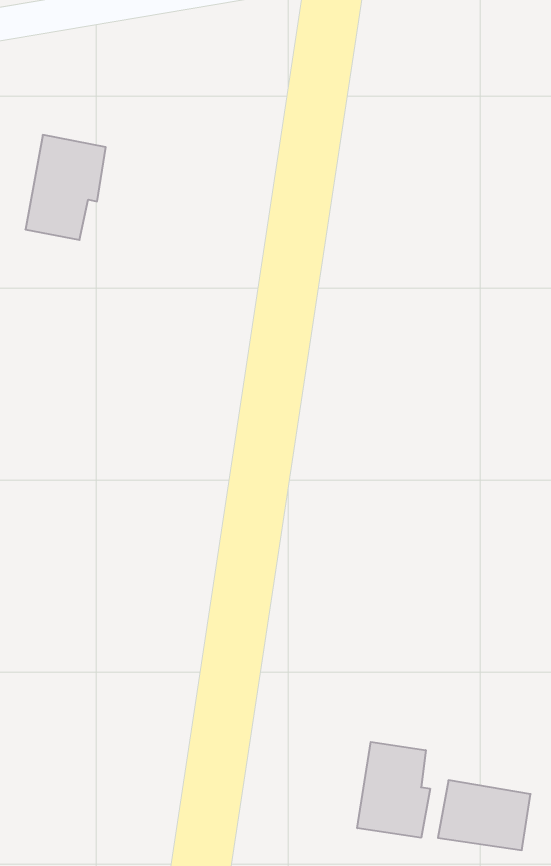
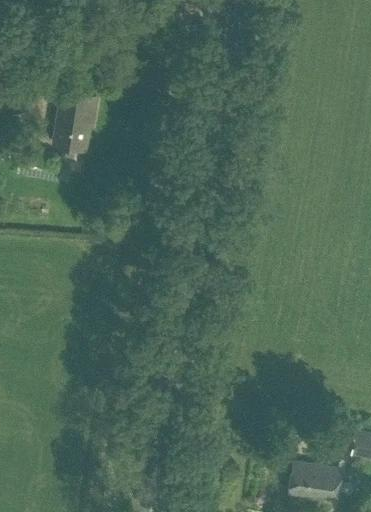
building: [357,742,430,838] -> none

